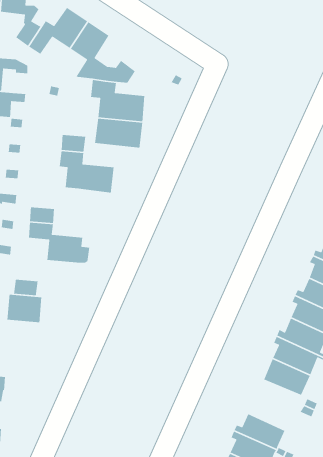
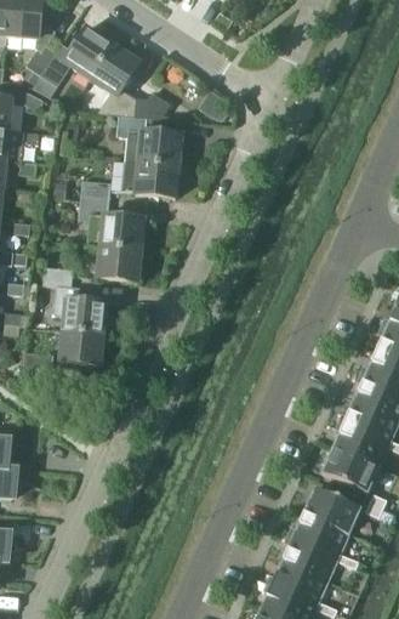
building: none -> [97,245,141,282]
building: [7,294,42,323] -> [61,330,103,365]
building: none -> [303,487,360,533]

